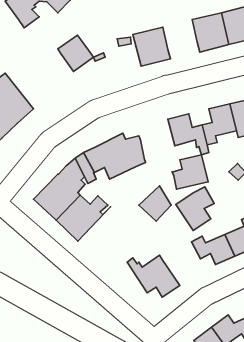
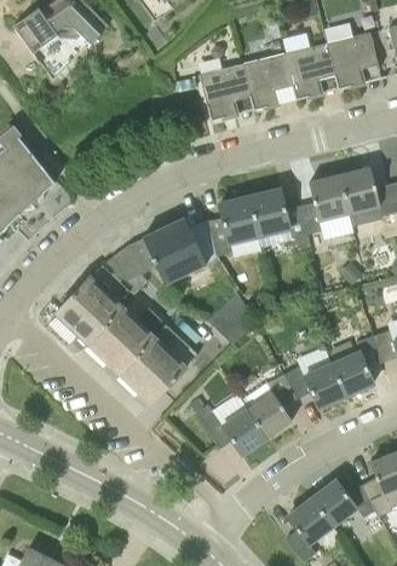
building: none -> [243,52,297,109]
building: [58,35,94,71] -> none
building: [172,155,208,189] -> [208,196,260,246]
building: [176,187,214,230] -> [242,374,298,437]
building: none -> [120,323,198,403]

